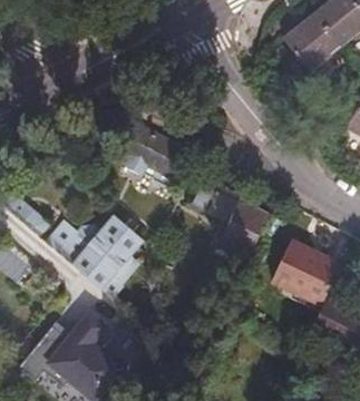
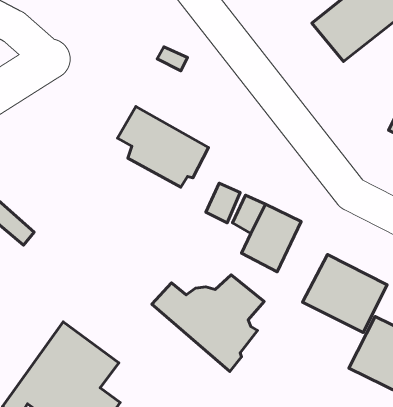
building: [47,215,142,296] -> [152,275,264,371]

